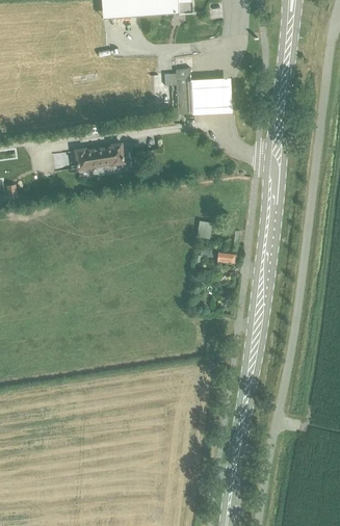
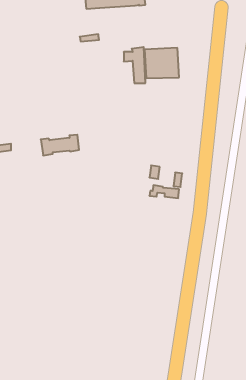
building: [75,143,125,170] -> [41,135,79,155]

